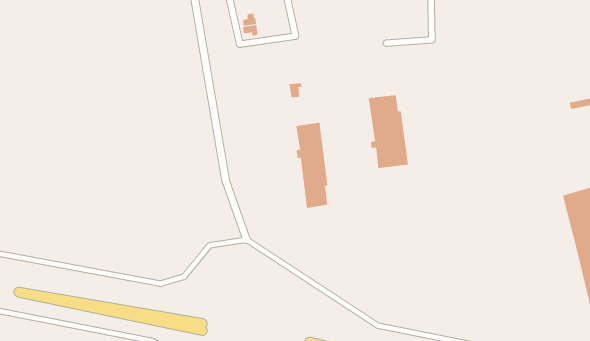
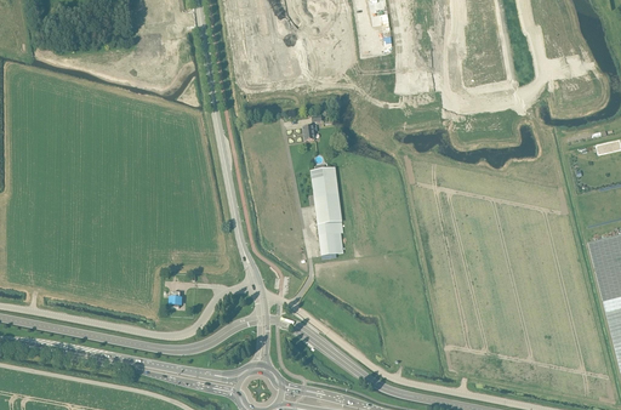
building: [368,95,408,169] -> none

